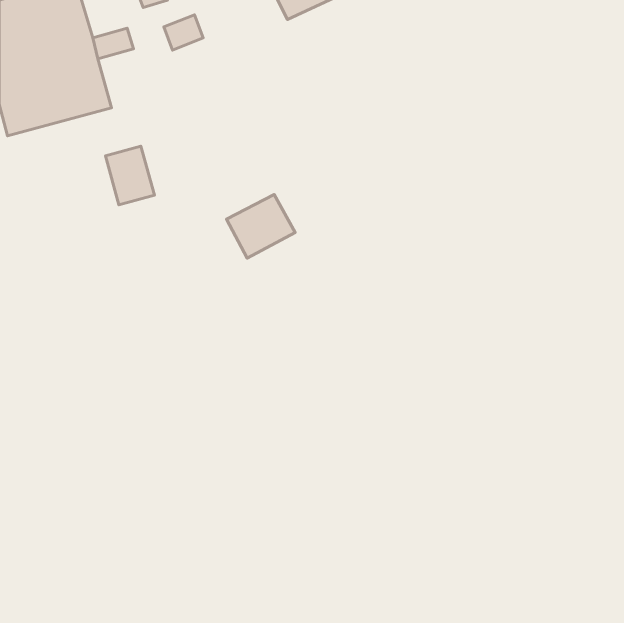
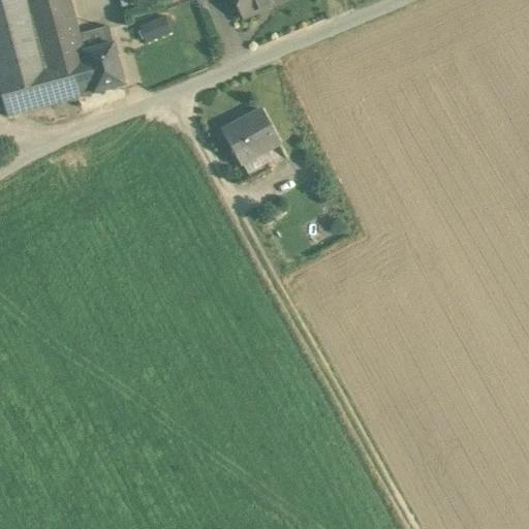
building: [105,146,154,205] -> [83,41,124,91]
building: [227,195,295,258] -> [221,108,279,162]

